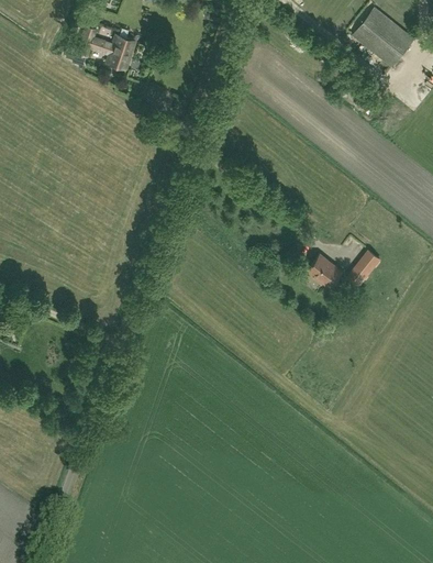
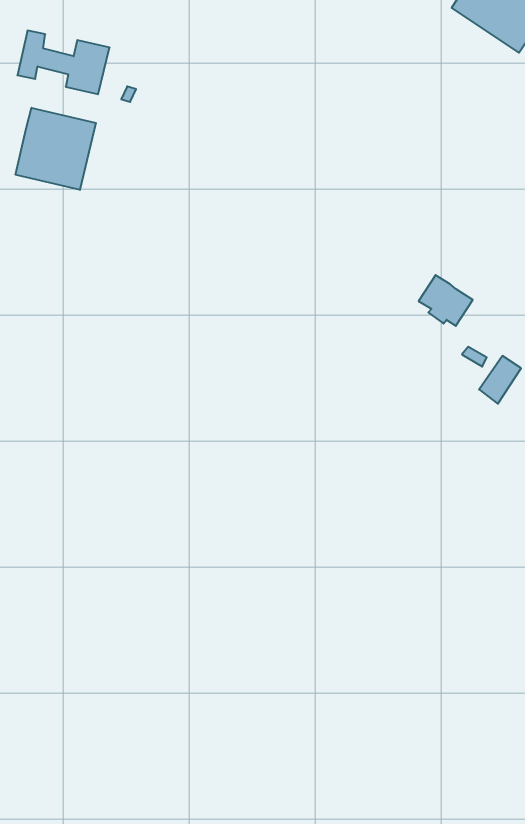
building: none -> [16,108,96,190]
building: [308,254,342,287] -> [419,275,473,326]

